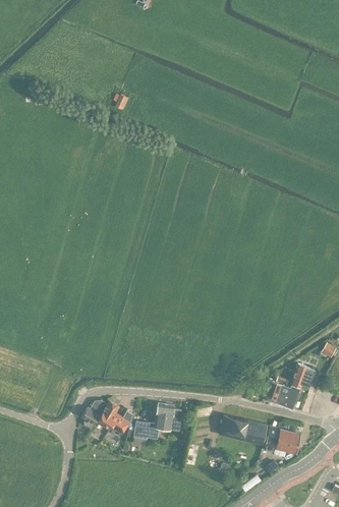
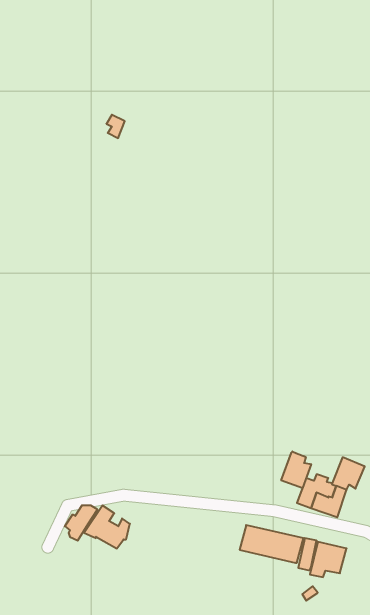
building: none -> [281,451,311,488]
building: [147,403,181,438] -> none

